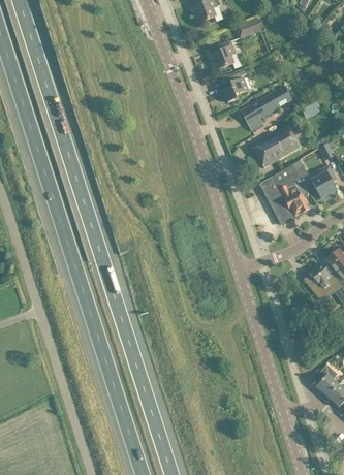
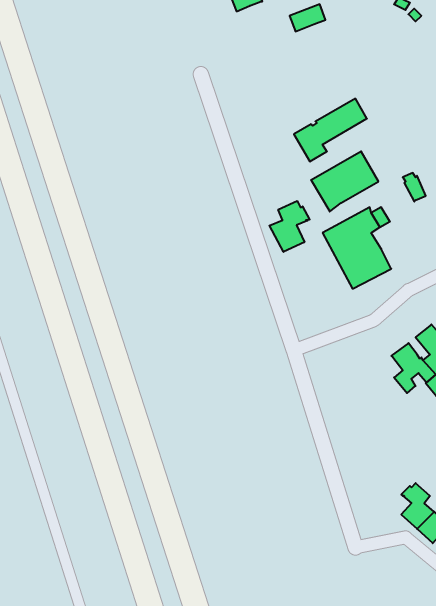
building: [210,41,241,70] -> none
building: [223,69,249,103] -> none
building: none -> [269,201,310,252]
building: [312,166,336,198] -> none

